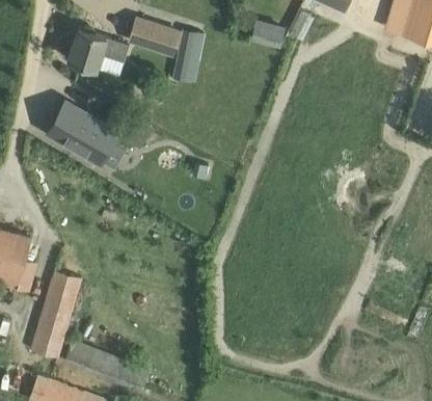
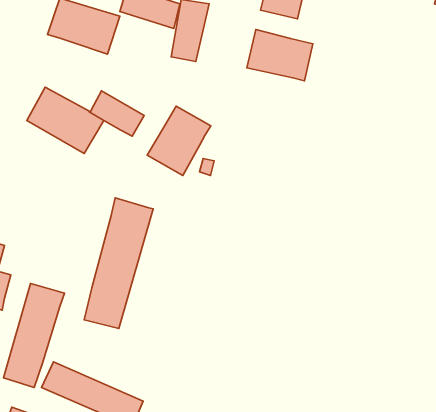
building: none -> [247,29,313,81]
building: none -> [147,106,211,175]
building: none -> [84,198,153,328]

